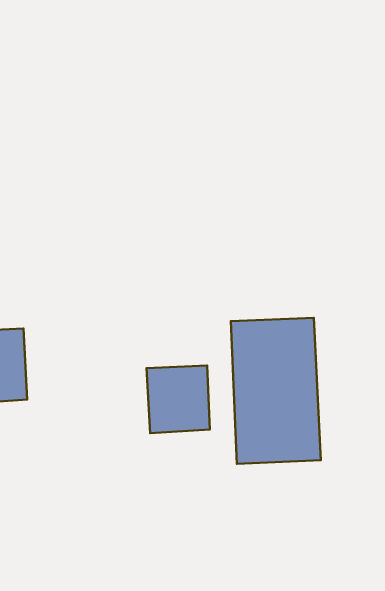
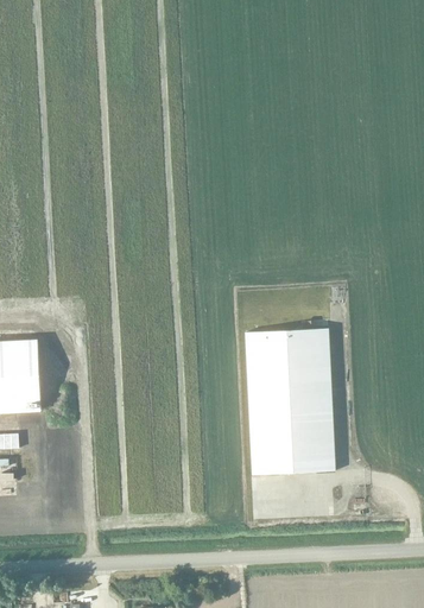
building: [146,365,210,433] -> none

